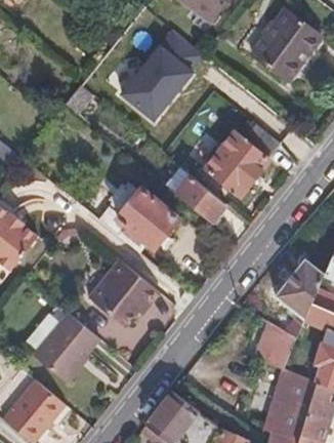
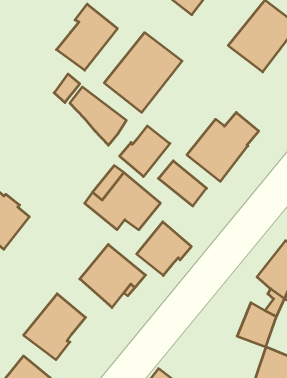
building: none -> [56,4,117,70]
building: none -> [70,87,126,145]
building: none -> [120,126,170,177]
building: none -> [137,222,191,276]

